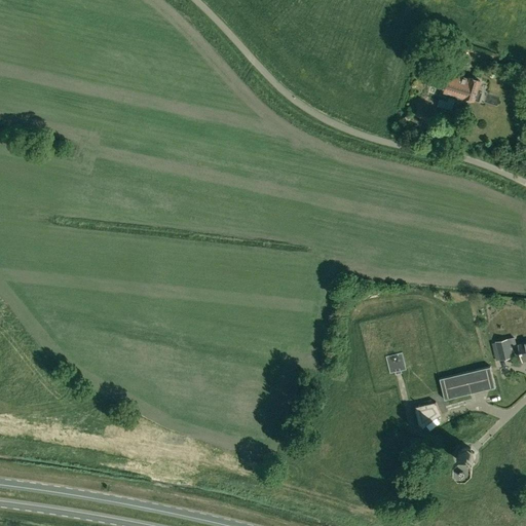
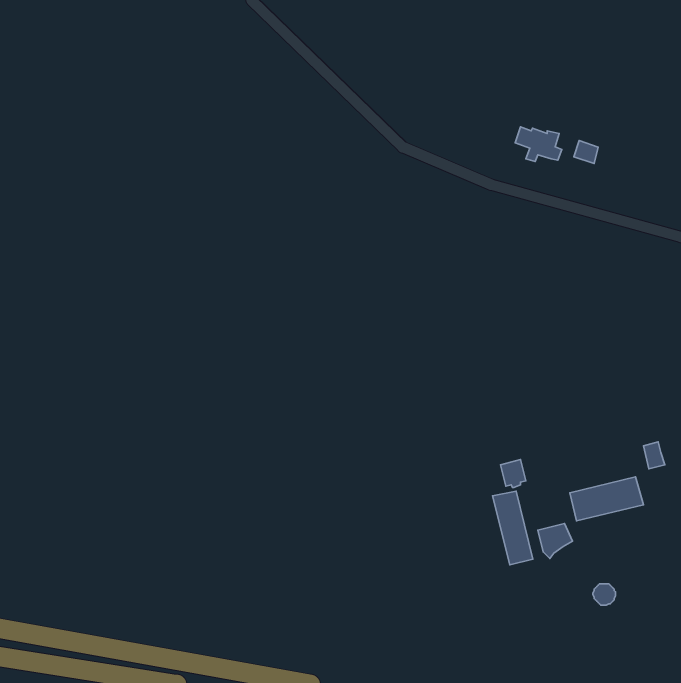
building: [444,76,480,103] -> [515,127,562,162]
building: none -> [493,491,533,565]

